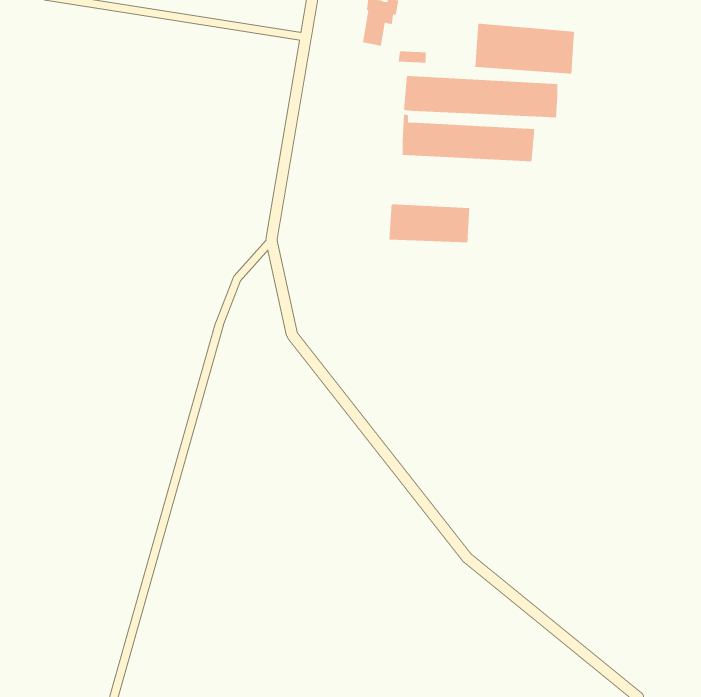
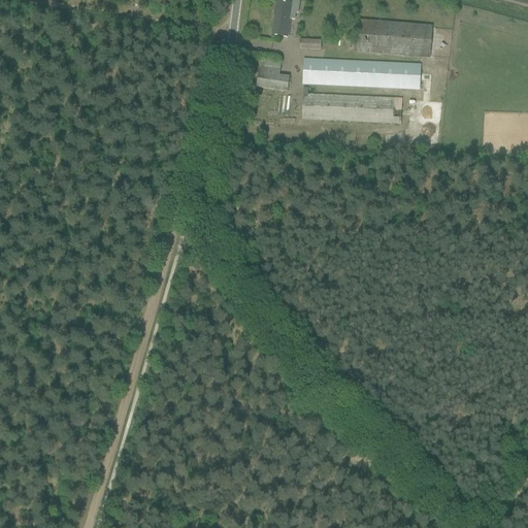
building: none -> [256,57,289,89]
building: [389,203,470,243] -> none

